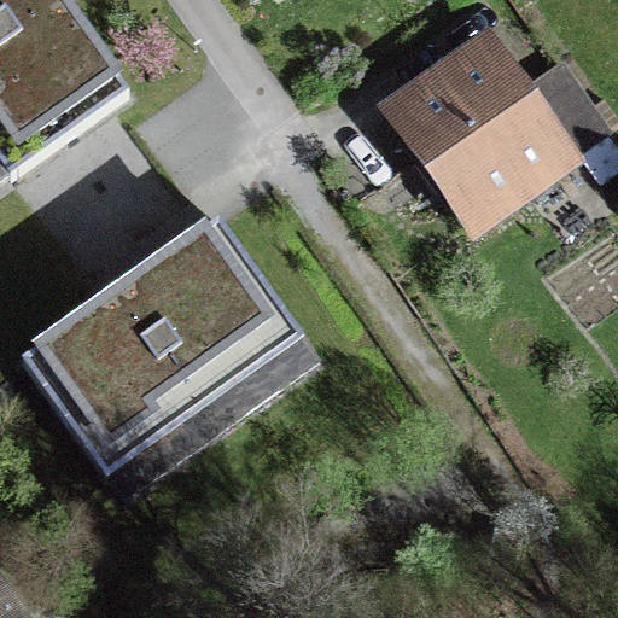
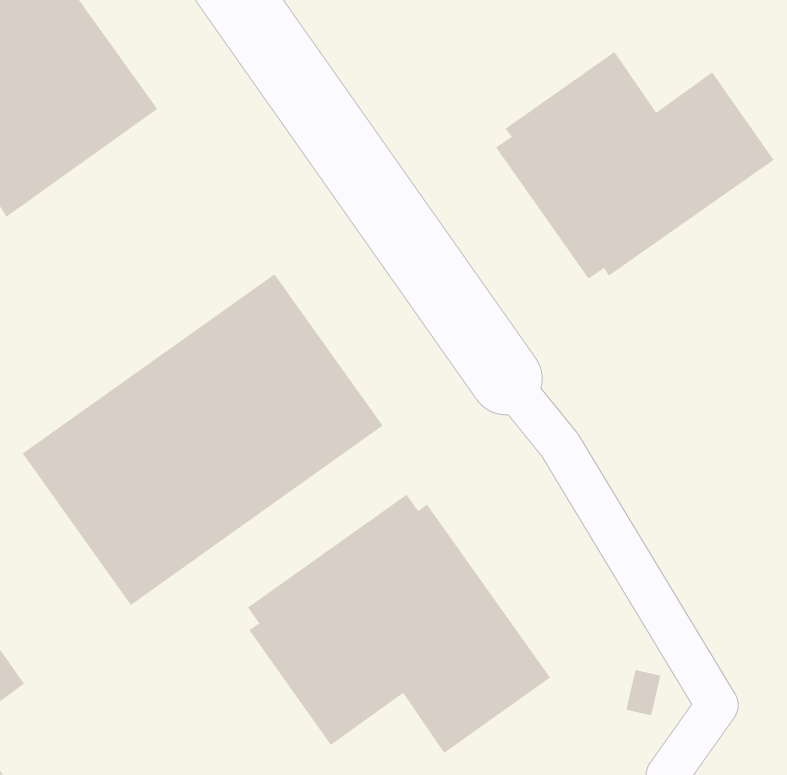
building: none -> [247,494,551,754]

